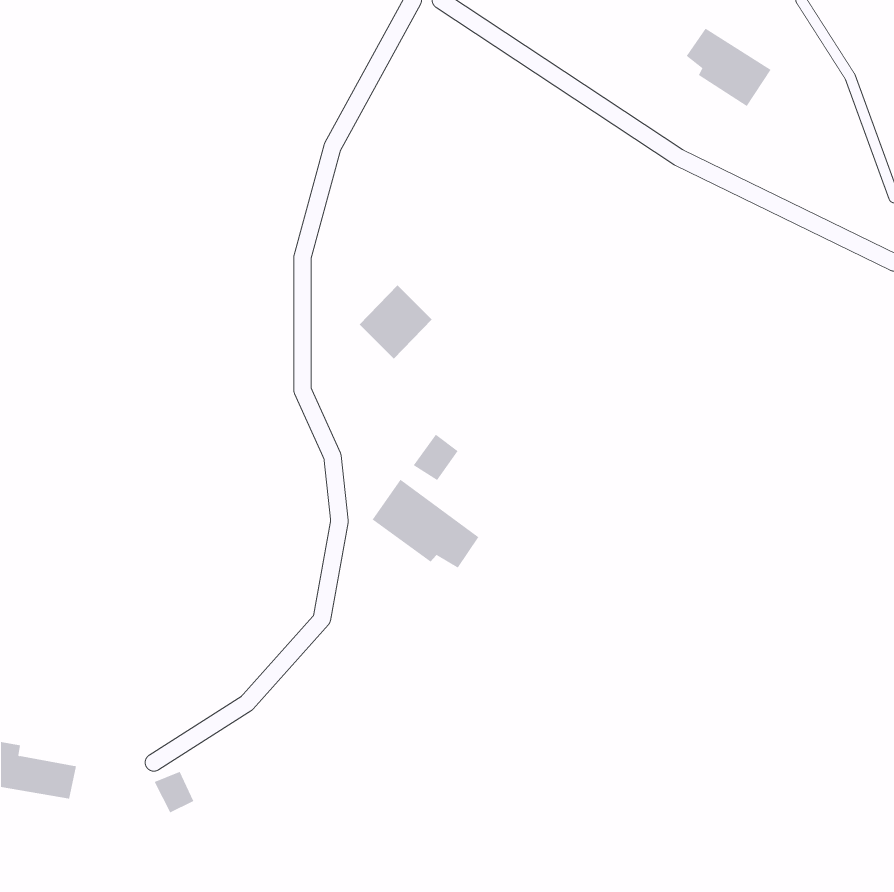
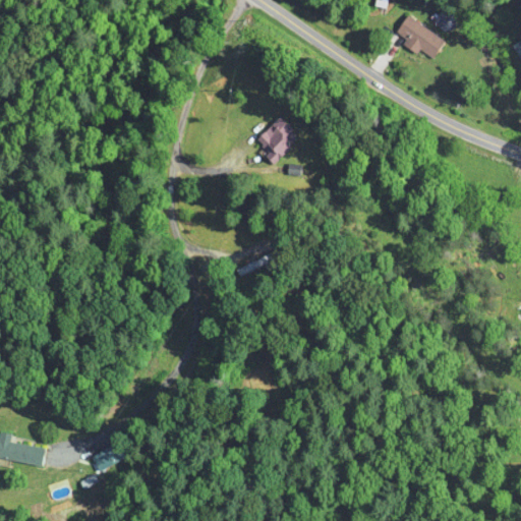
building: [359,284,432,360] -> [252,117,295,161]
building: [372,479,479,569] -> none

